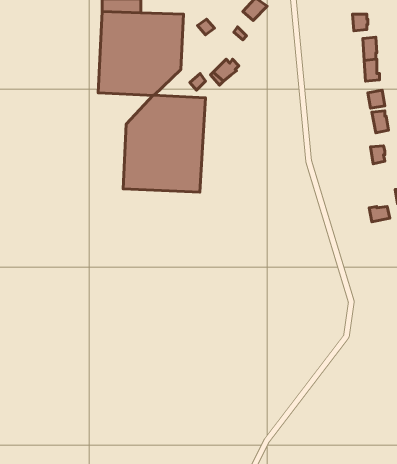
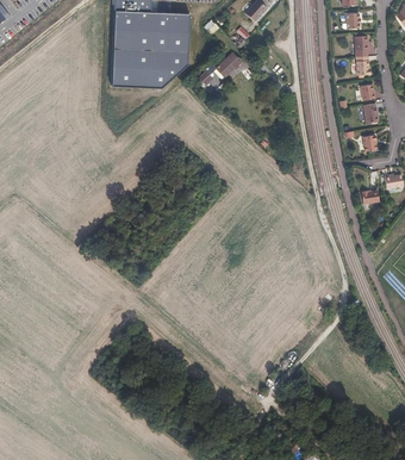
building: [123,95,205,192] -> none

